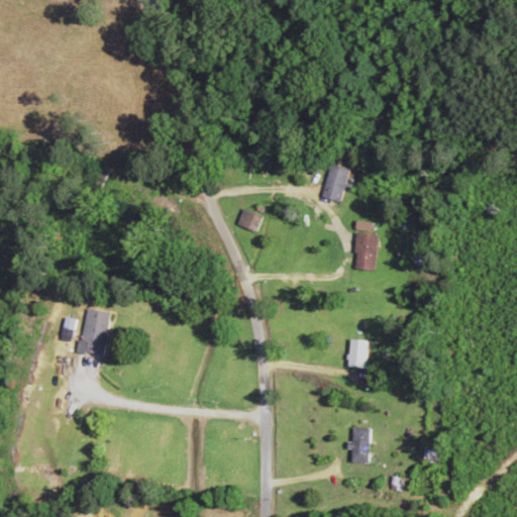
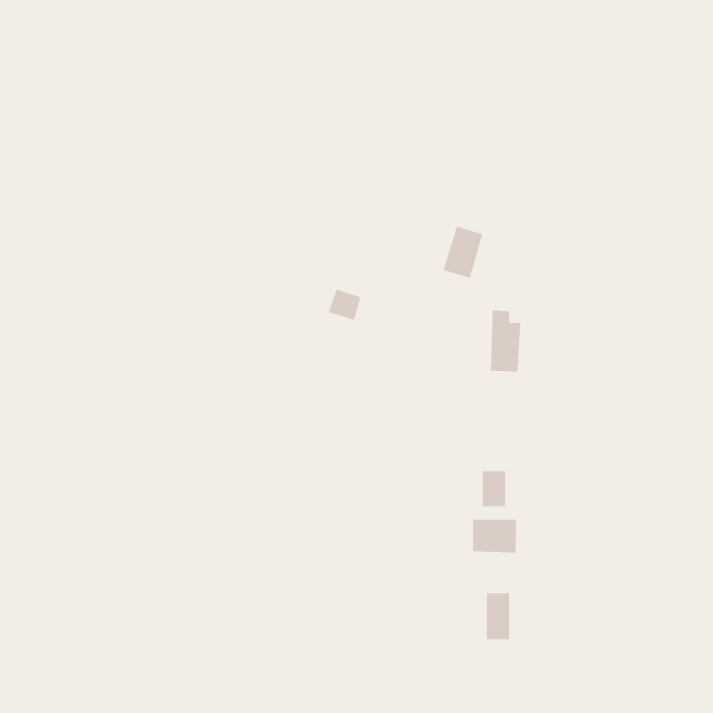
building: [78,307,112,354] -> none
building: none -> [472,519,517,553]

